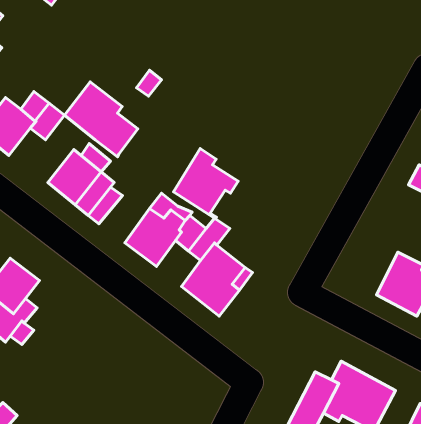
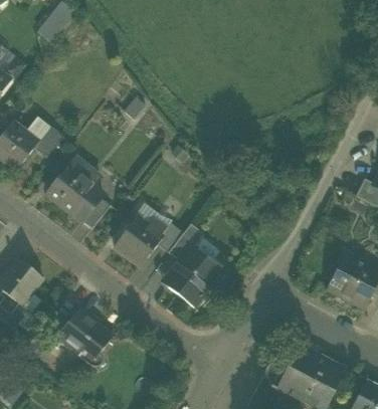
building: [64,82,138,157] -> none
building: [173,149,238,218] -> none
building: none -> [55,306,111,368]

